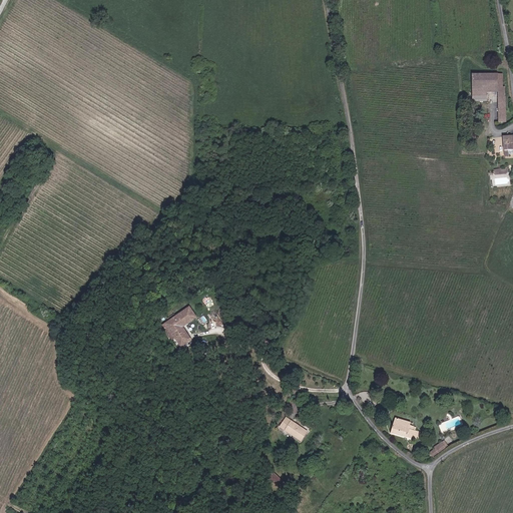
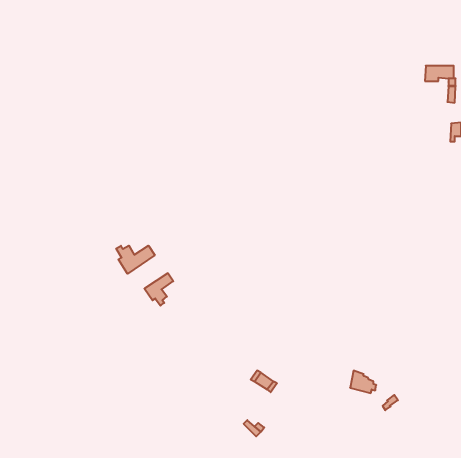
building: none -> [116,246,155,274]

